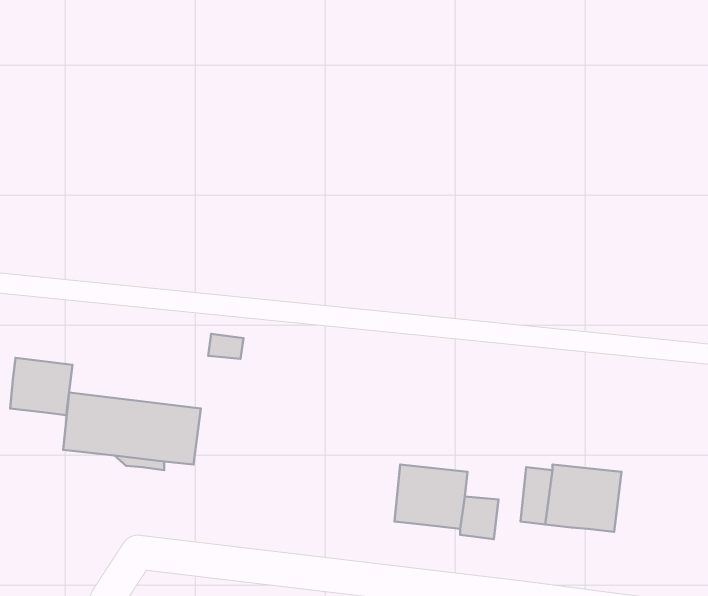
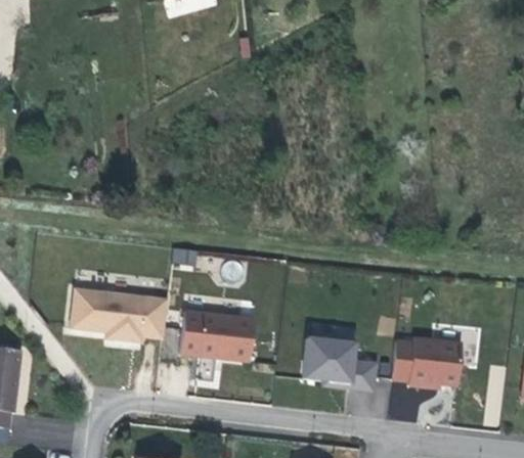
building: [10,358,73,415] -> none
building: none -> [179,311,254,361]

